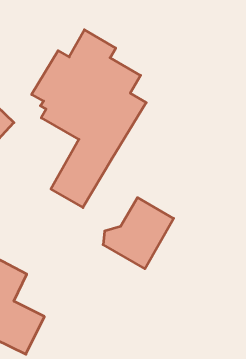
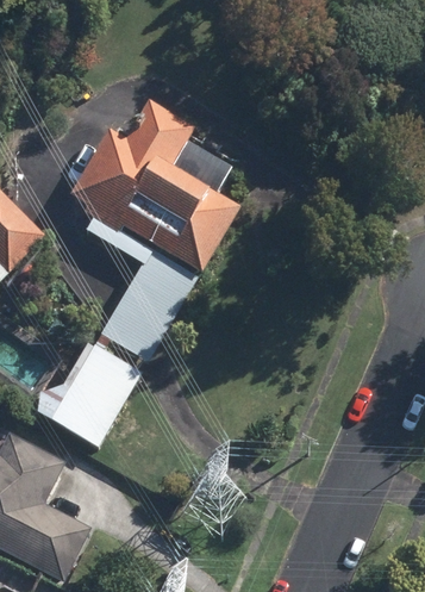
building: [103,198,174,269] -> [37,341,142,447]

